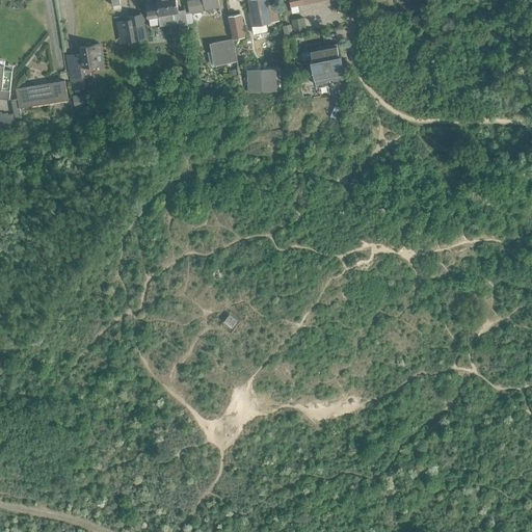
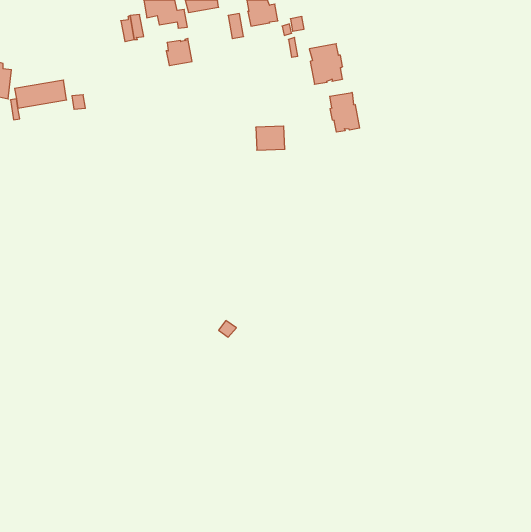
building: [210,38,236,65] -> [166,38,192,66]
building: [66,43,100,89] -> none
building: [246,69,275,92] -> [256,126,285,150]
building: none -> [330,92,360,132]

